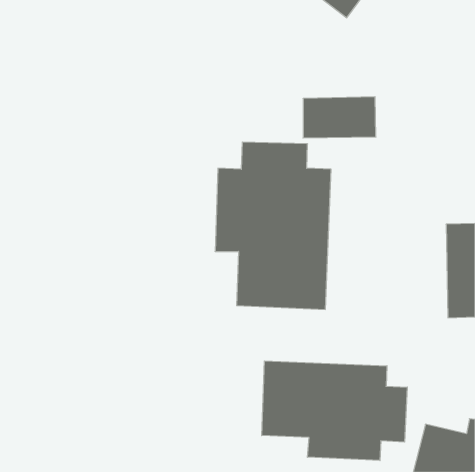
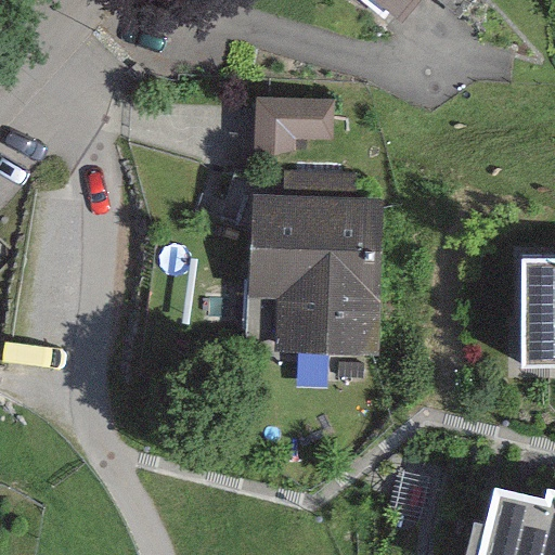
building: [303,97,376,138] -> [260,98,345,145]
building: [262,361,407,461] -> none

